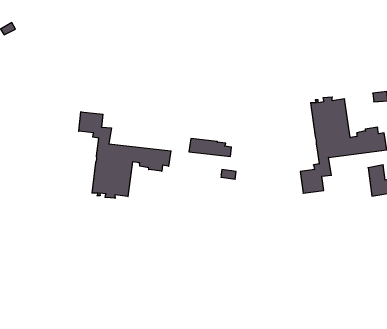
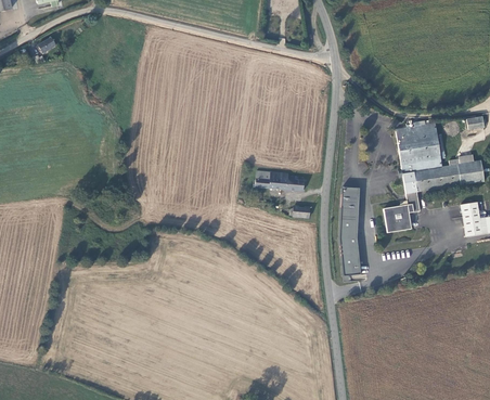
building: [79,112,171,198] -> none
building: none -> [340,185,362,274]

